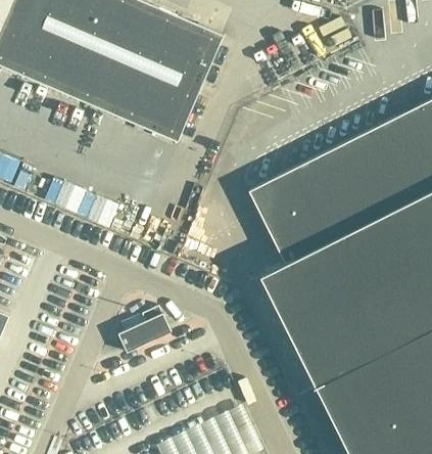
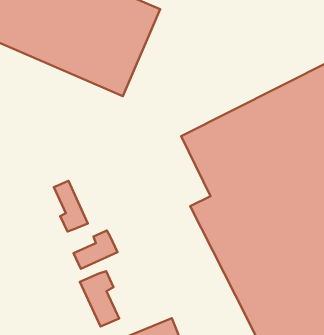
building: none -> [54,181,88,232]
building: none -> [80,271,119,327]

